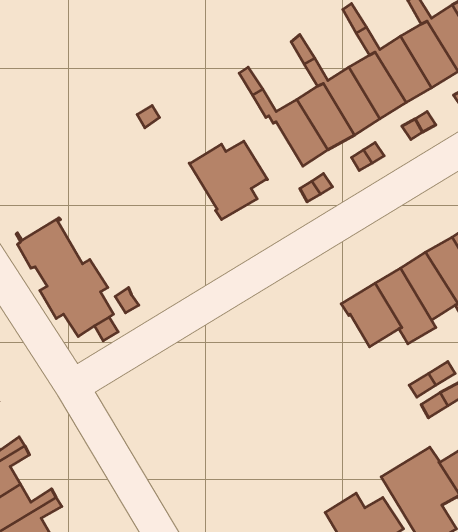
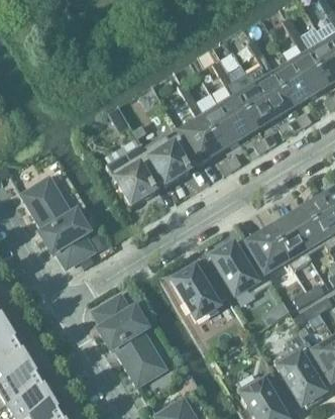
building: none -> [180,118,220,163]
building: none -> [105,142,161,206]
building: none -> [209,241,272,296]
building: none -> [171,265,227,319]
building: none -> [94,296,160,381]

